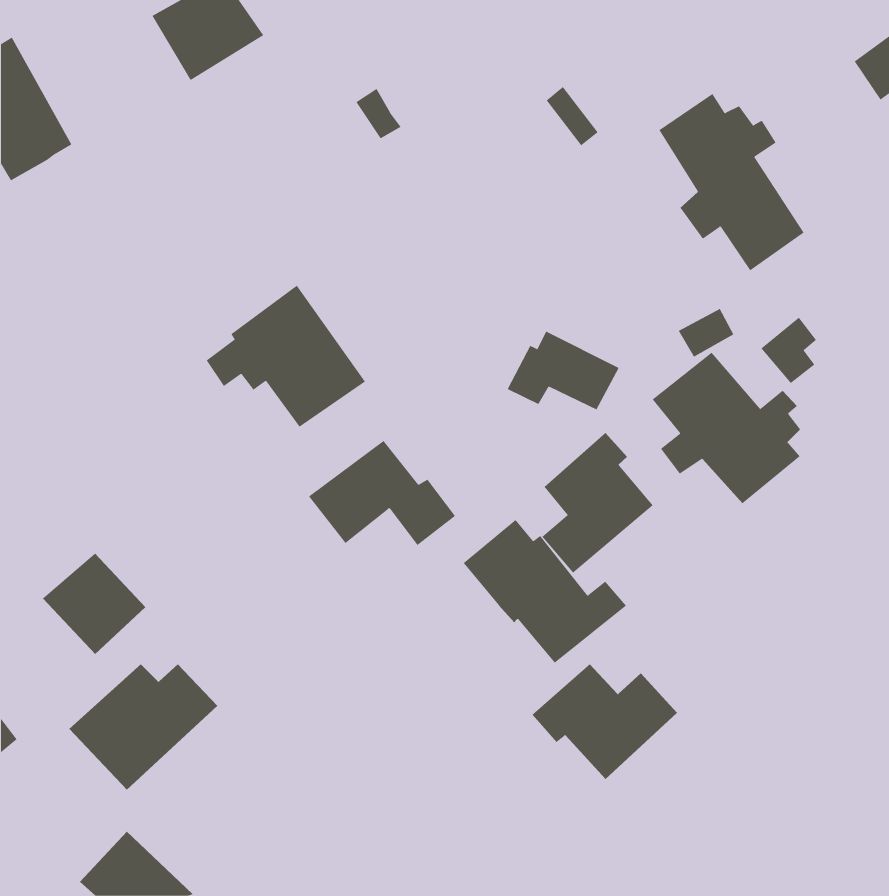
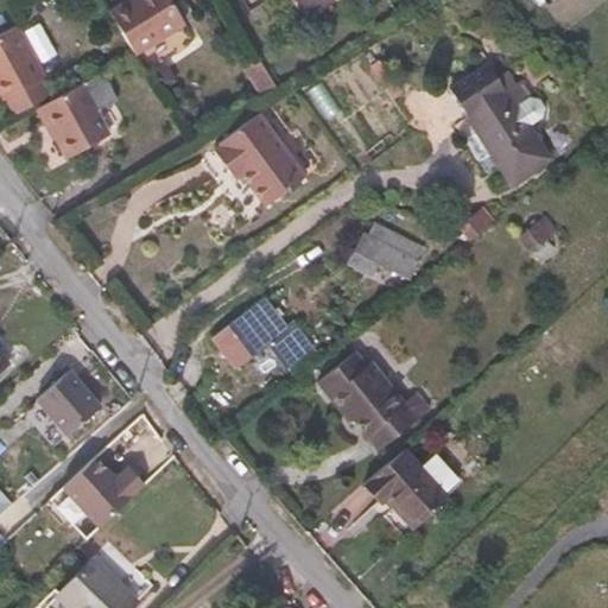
building: none -> [39,83,109,159]
building: [206,285,366,427] -> [200,110,308,207]
building: [652,352,801,504] -> none
building: [542,432,654,573] -> none

